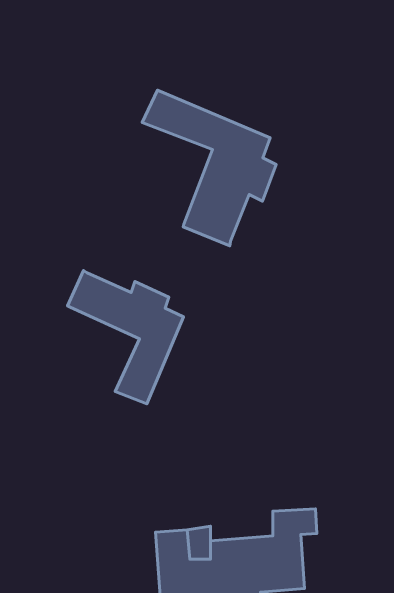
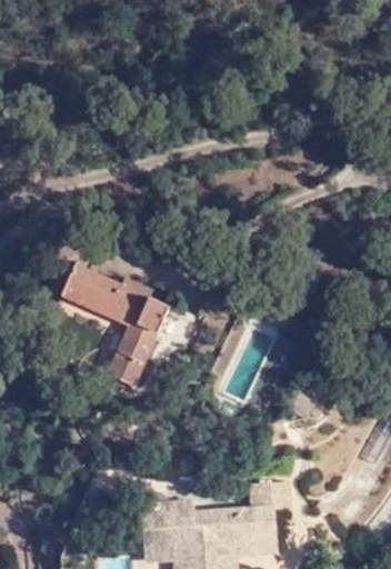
building: [142,90,276,246] -> none

